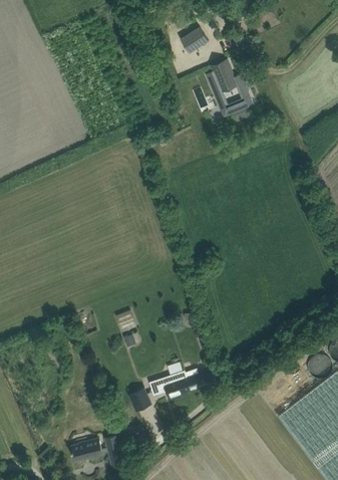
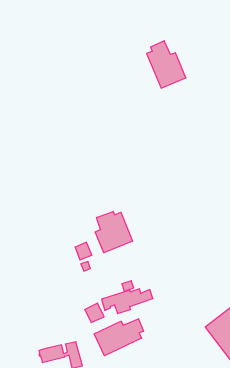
building: [180,26,209,52] -> none
building: none -> [95,211,133,253]
building: none -> [94,319,144,356]

